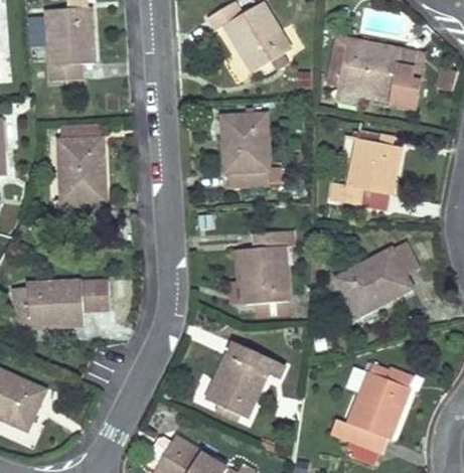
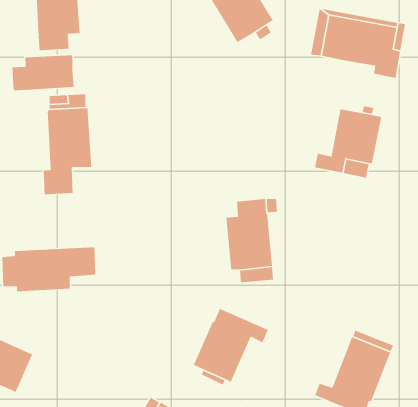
building: none -> [12,54,75,91]
building: [222,115,280,187] -> none
building: [336,242,419,316] -> none

